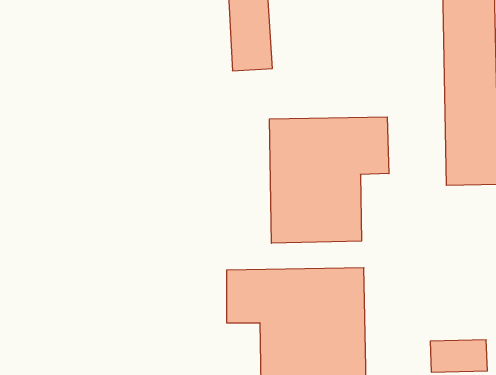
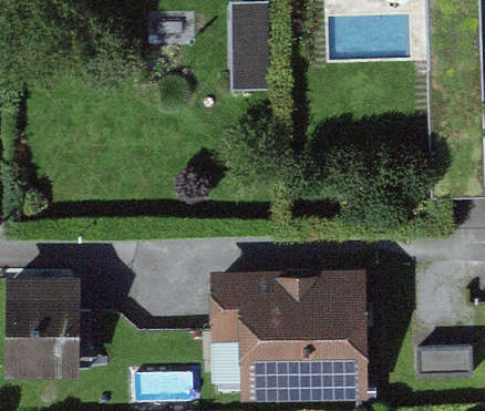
building: [270,117,389,243] -> none
building: none -> [13,279,103,367]

